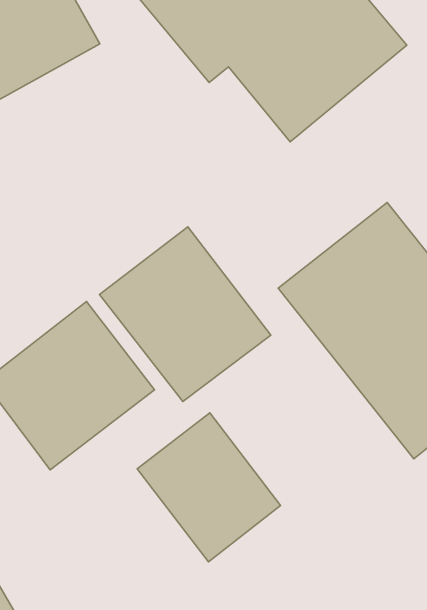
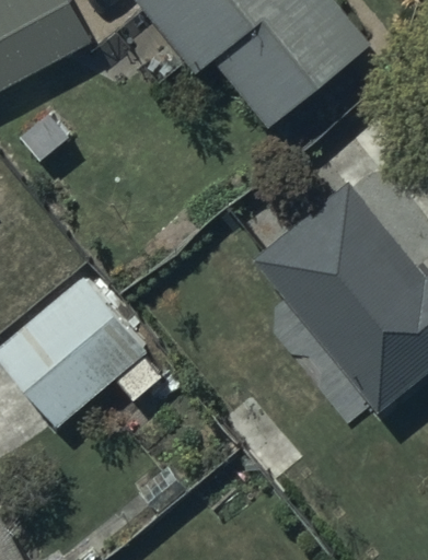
building: [100,227,271,402] -> none
building: [137,413,280,562] -> none

